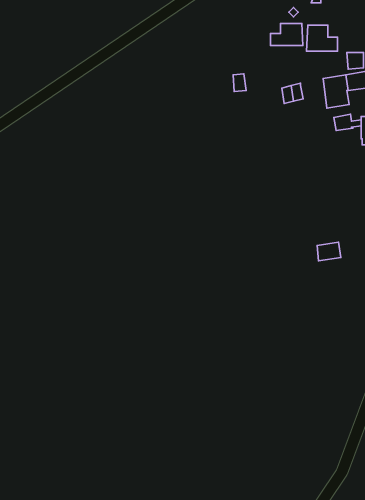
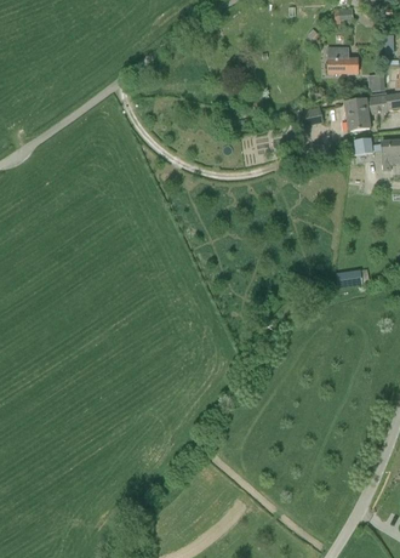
building: [271,24,303,45] -> none

